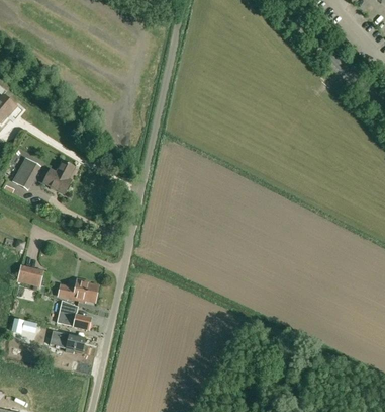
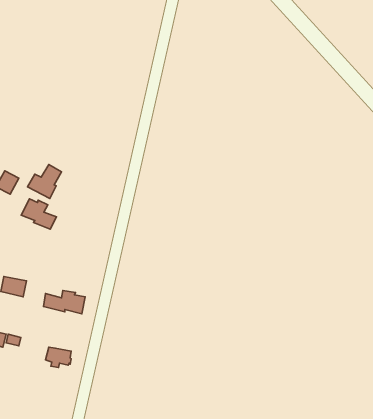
building: none -> [21,199,57,229]
building: [58,300,91,329] -> none

